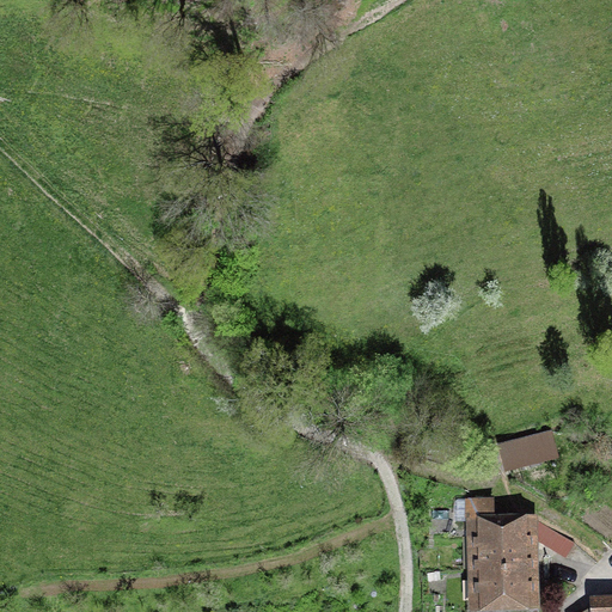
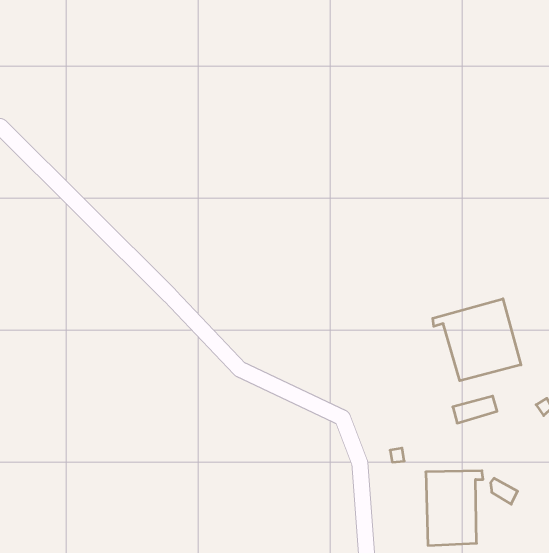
building: none -> [433,299,521,381]

